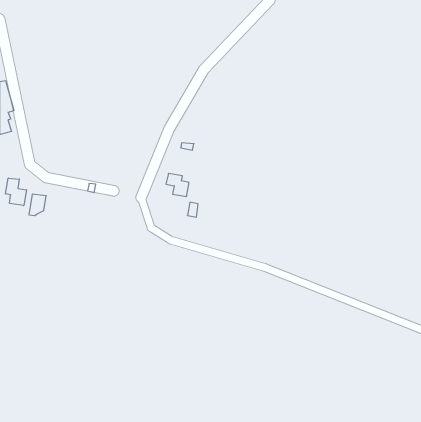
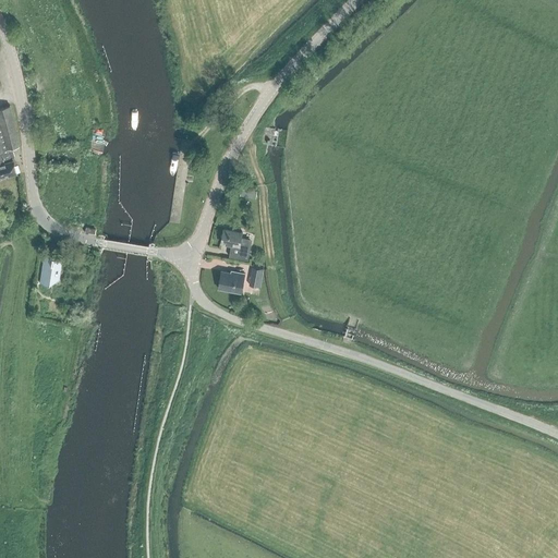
building: [6,178,26,206] -> none
building: none -> [216,271,243,292]

